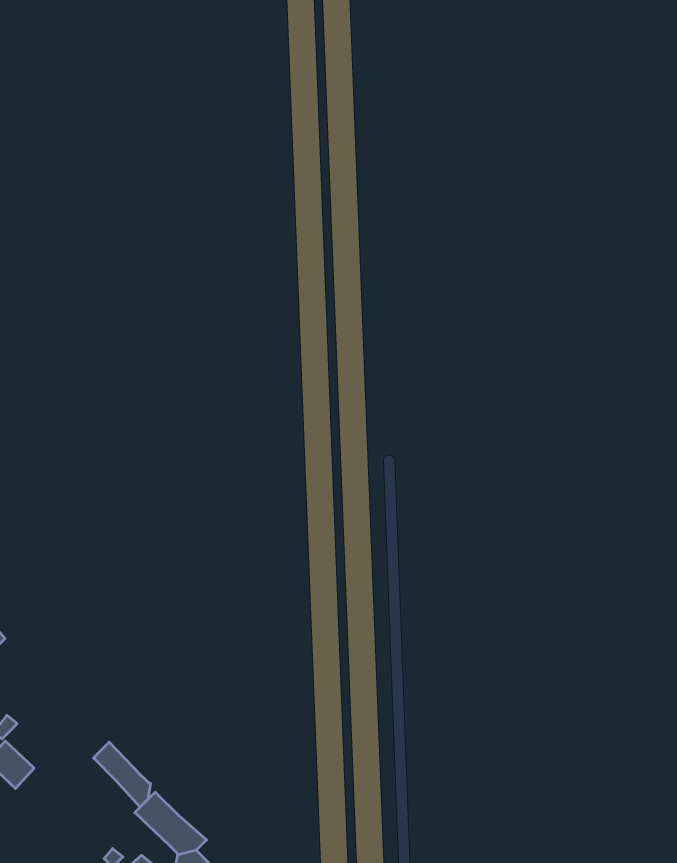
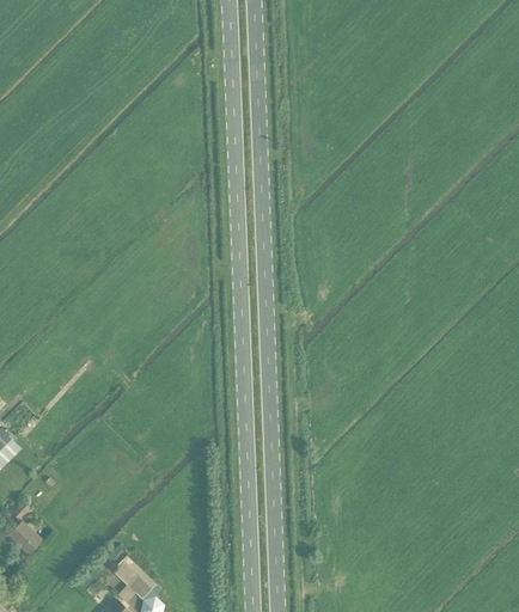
building: [93,742,151,807] -> none

